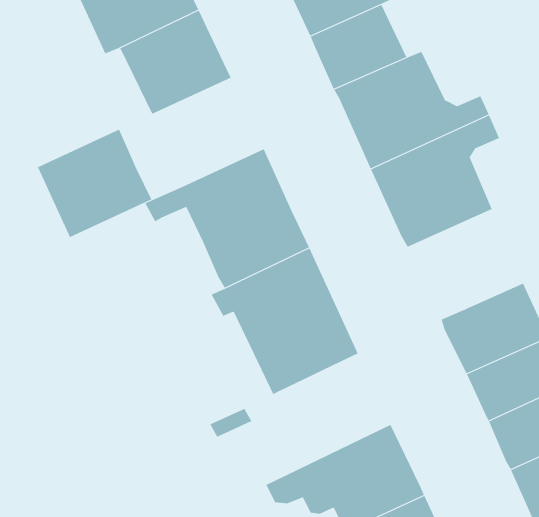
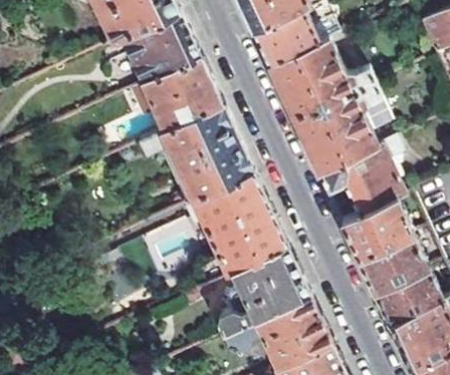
building: [37,129,152,238] -> [143,59,221,133]
building: none -> [318,141,402,217]
building: none -> [216,247,307,336]

